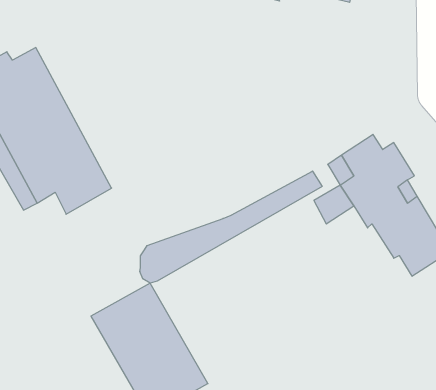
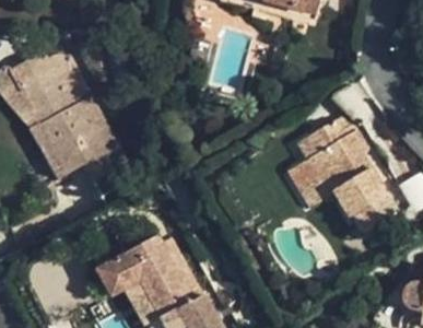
building: [140,171,322,283] -> none

